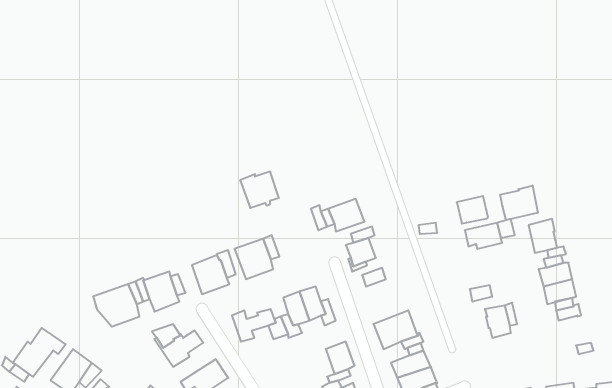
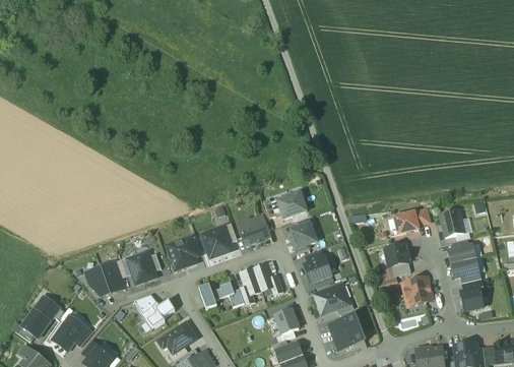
building: [240,172,279,208] -> [238,213,269,243]
building: [500,185,538,220] -> none
building: [457,196,488,224] -> [384,244,409,266]
building: none -> [305,256,332,282]
building: none -> [460,287,484,310]

